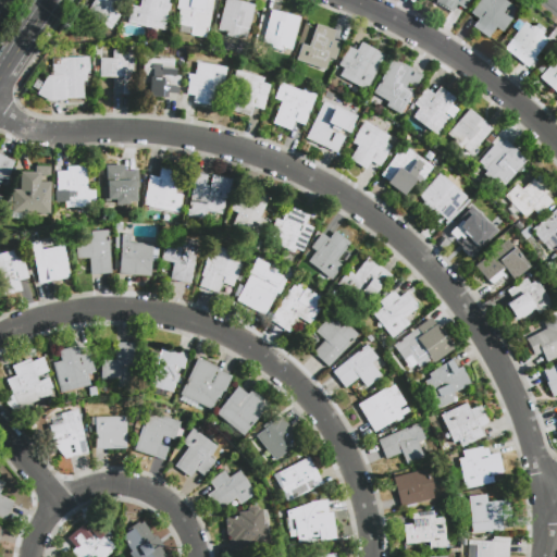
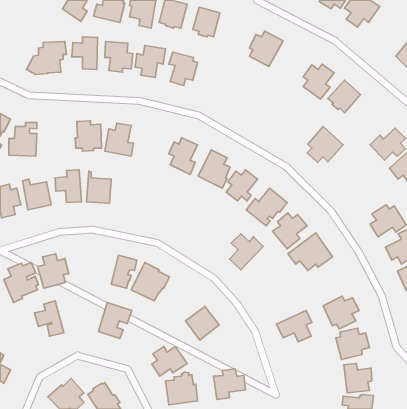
building: [506,22,552,67] -> none
building: [298,24,342,70] -> none
building: [374,58,424,116] -> none
building: [273,83,318,131] -> none
building: [308,101,357,148] -> none
building: [351,121,393,170] -> none
building: [480,136,528,186] -> none
building: [382,149,434,196] -> none
building: [57,165,96,208] -> none
building: [188,173,234,219] -> none
building: [453,208,500,251] -> none
building: [163,237,201,283] -> none
building: [476,239,530,286] -> none
building: [199,245,244,294] -> none
building: [238,258,288,315] -> none
building: [271,284,324,332] -> none
building: [101,343,136,388] -> none
building: [334,344,382,388] -> none
building: [428,359,472,408] -> none
building: [359,383,410,432] -> none
building: [218,386,270,435] -> none
building: [97,417,128,448] -> none
building: [175,428,219,478] -> none
building: [280,456,324,498] -> none
building: [394,469,435,507] -> none
building: [405,510,448,549] -> none

